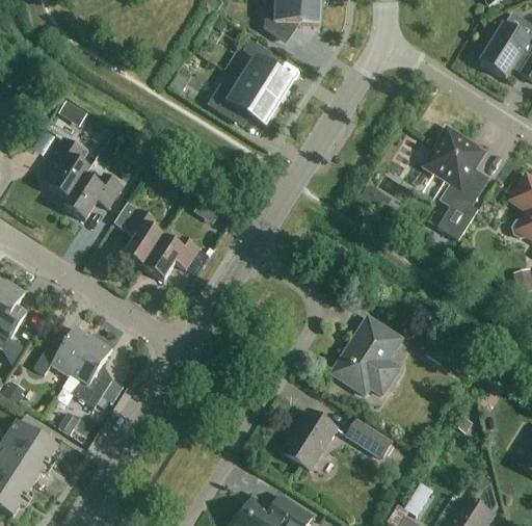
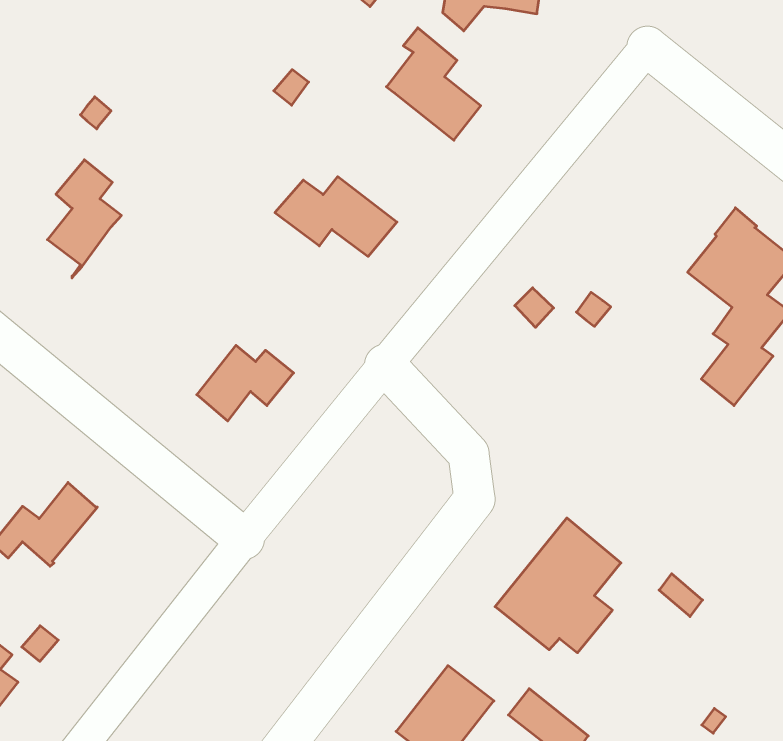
building: [206,80,277,125] -> [275,177,397,256]
building: [63,174,122,219] -> none
building: [113,202,163,267] -> none
building: [70,336,112,407] -> none

